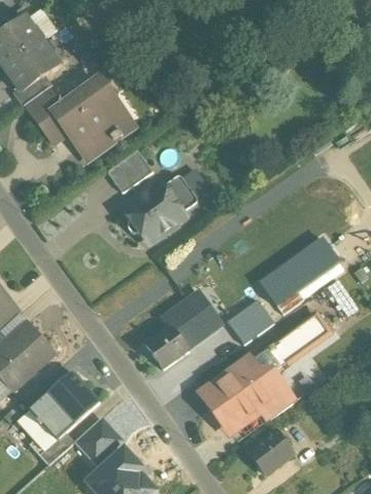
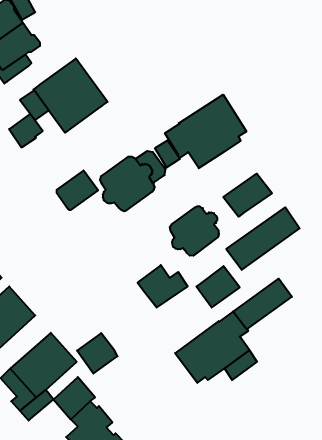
building: [26,87,62,123] -> [9,114,43,147]
building: none -> [165,95,246,168]
building: [108,150,153,192] -> [57,170,98,210]
building: none -> [223,174,272,217]
building: none -> [170,206,219,256]
building: [145,326,189,369] -> [77,333,118,374]
building: [248,431,293,474] -> none

